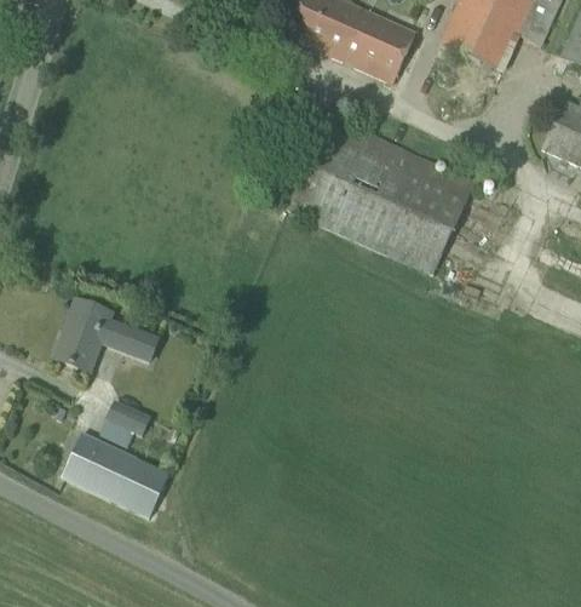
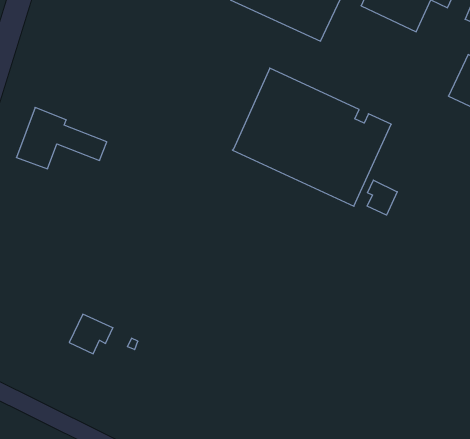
building: none -> [367,180,397,215]
building: [53,299,159,371] -> [16,107,107,169]
building: [62,433,169,517] -> none

